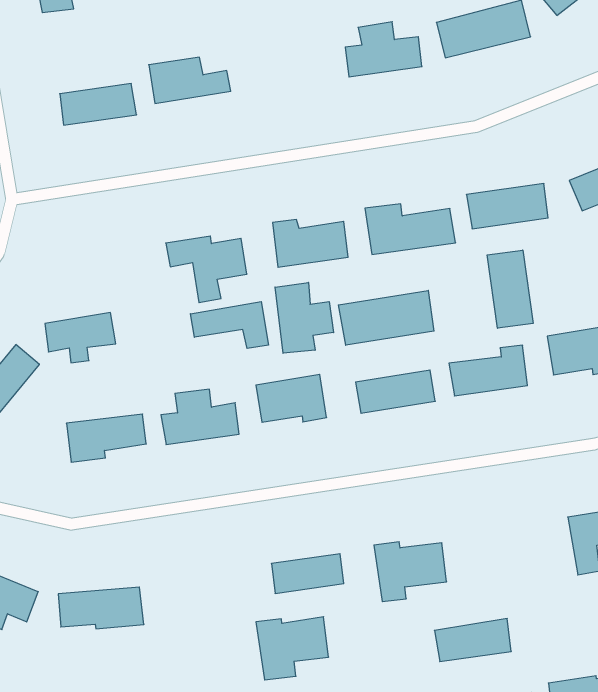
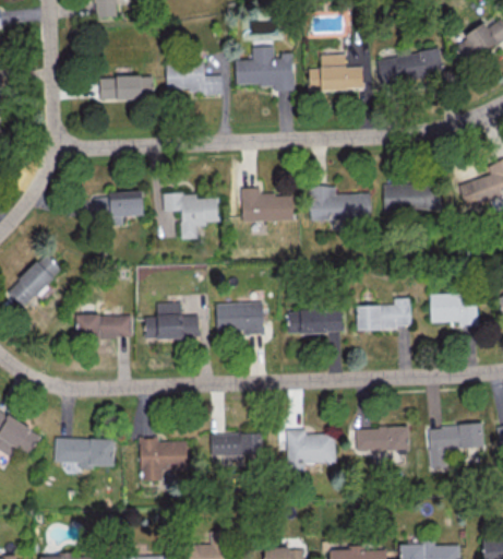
building: none -> [235,46,294,90]
building: [487,250,533,328] -> none
building: [275,282,334,353] -> none
building: [338,290,434,345] -> none
building: [190,302,268,348] -> none
building: [45,313,116,363] -> [94,192,143,225]
building: [256,617,329,680] -> [139,438,188,480]
building: [434,619,511,662] -> [355,426,408,451]

